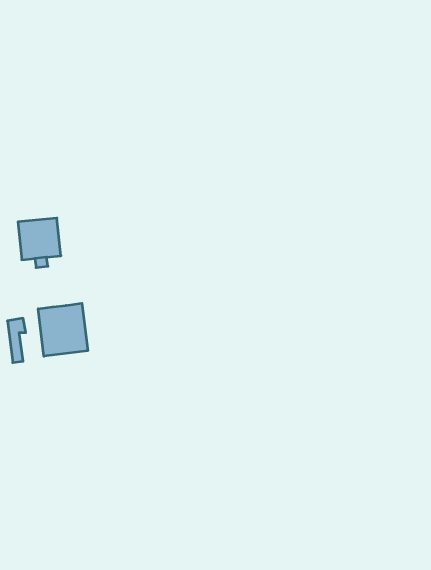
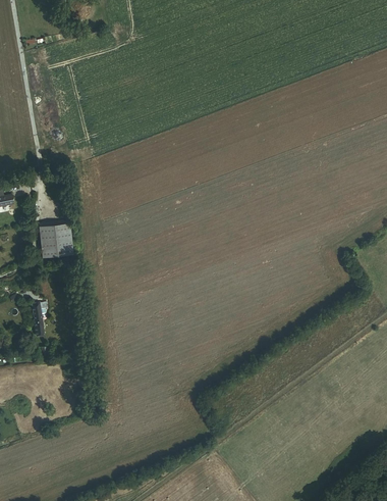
building: [38,303,88,356] -> none

